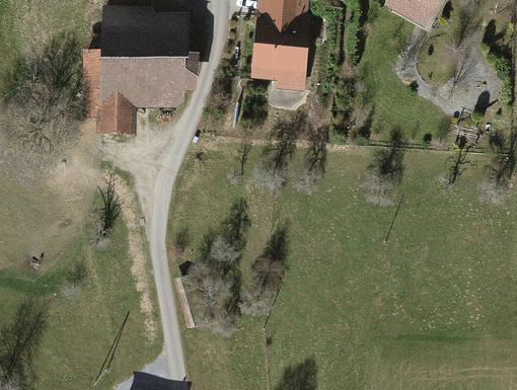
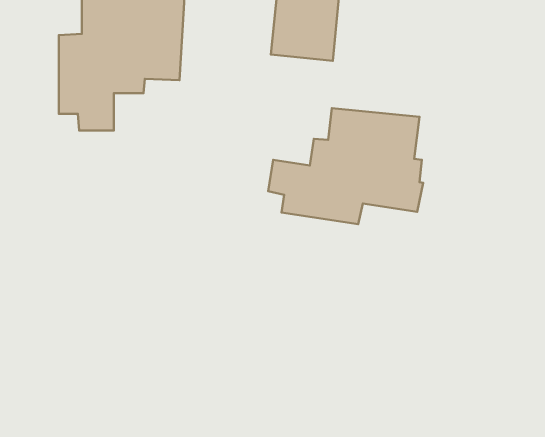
building: none -> [268,108,423,224]

